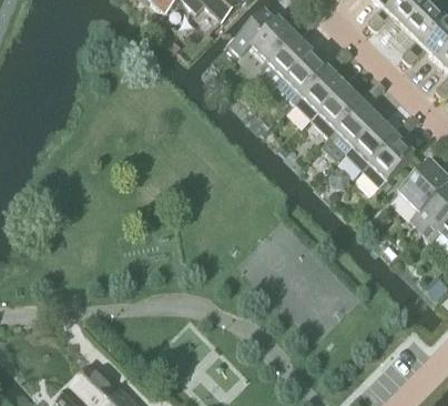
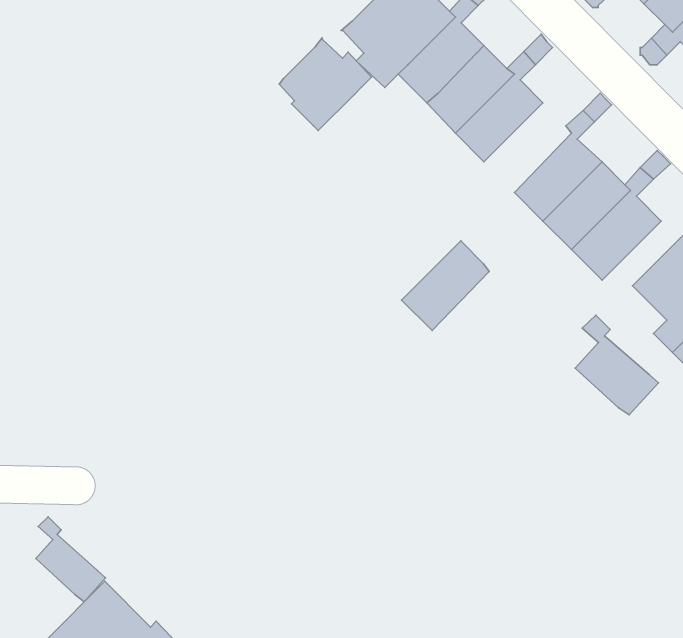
building: none -> [279,38,372,131]
building: [312,83,363,135] -> [402,241,489,331]
building: none -> [575,315,658,415]
building: none -> [36,517,106,602]

